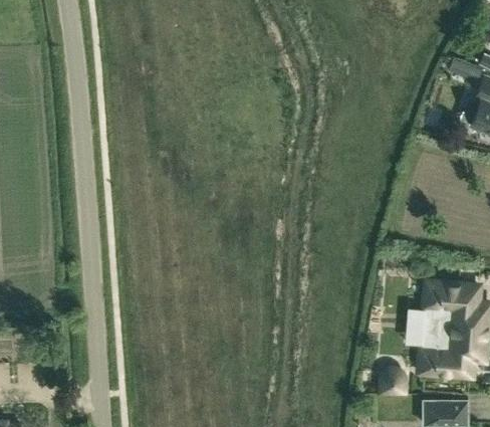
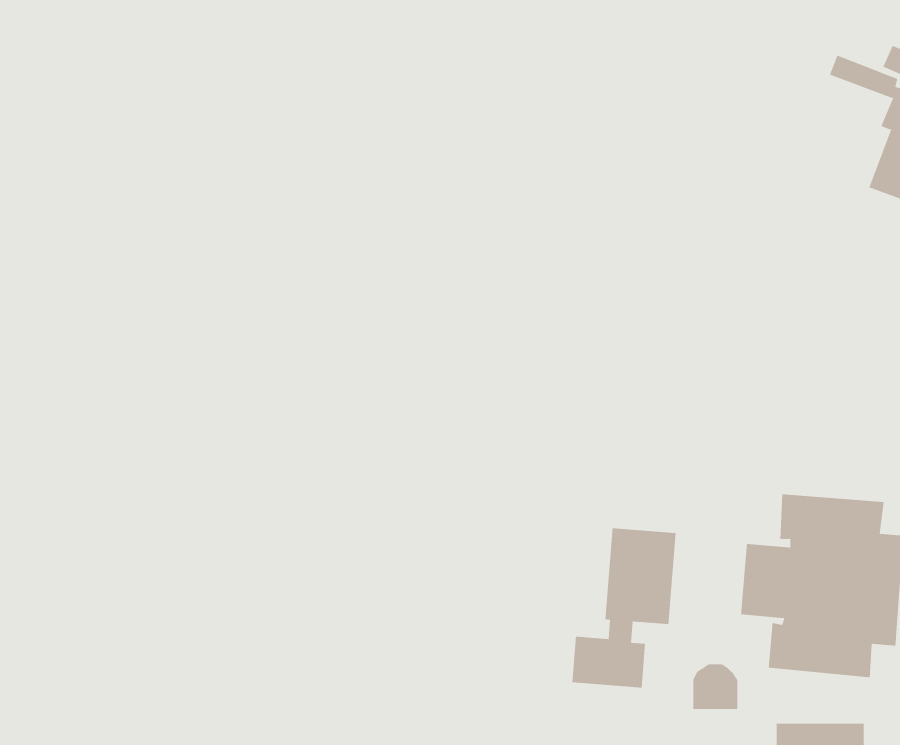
building: none -> [572,528,676,688]

